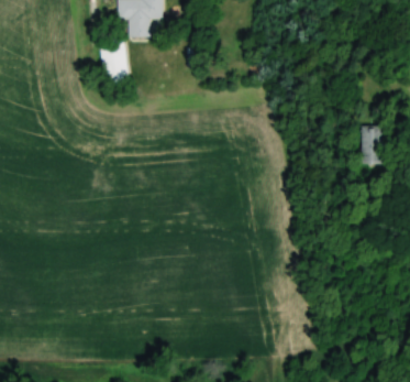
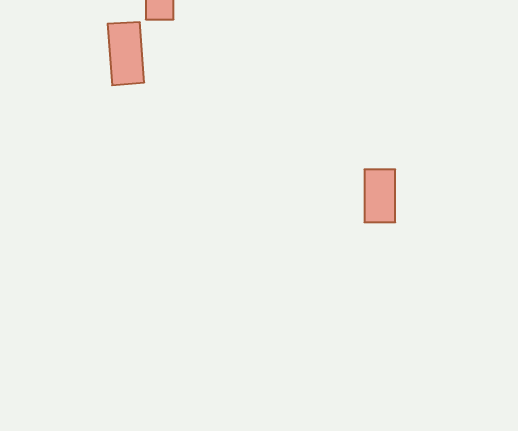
building: [361,125,384,165] -> [364,169,395,222]

